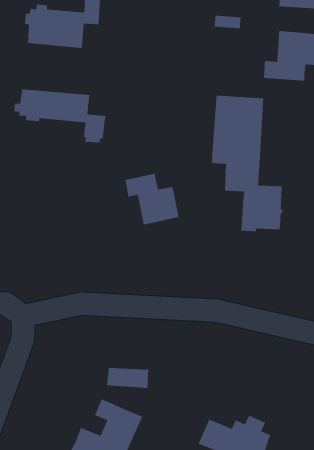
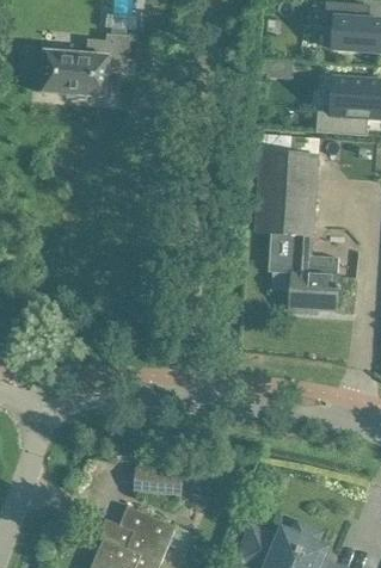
building: [13,88,106,143] -> none
building: [124,173,180,226] -> none

